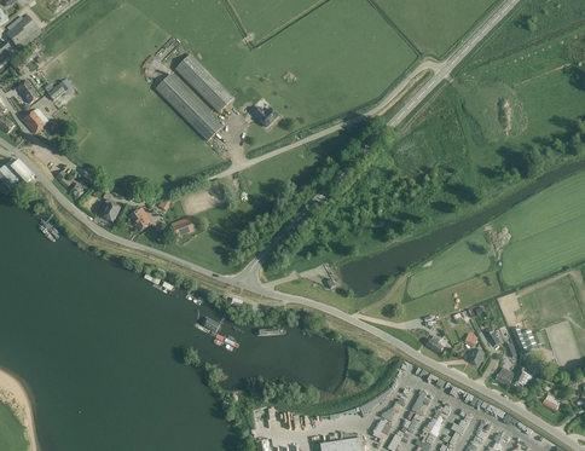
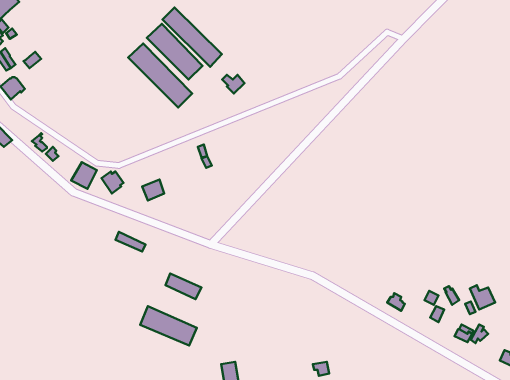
building: none -> [163,8,222,67]
building: none -> [140,306,197,345]

